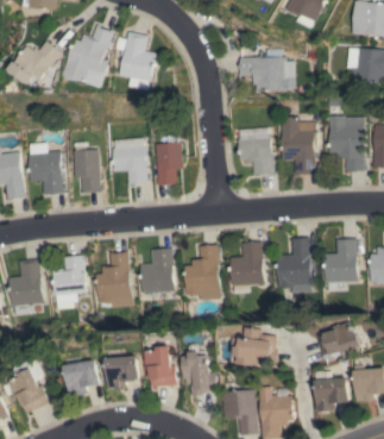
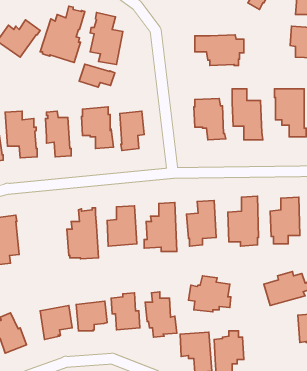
building: none -> [79,64,115,87]
building: [51,255,86,309] -> none
building: [315,371,350,412] -> none

